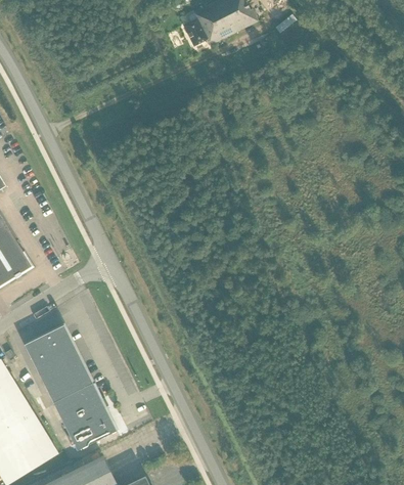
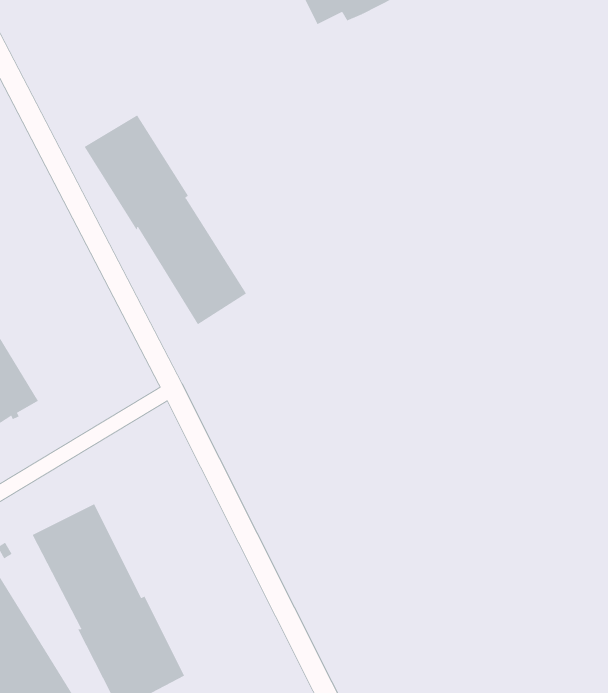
building: none -> [84,115,247,325]

